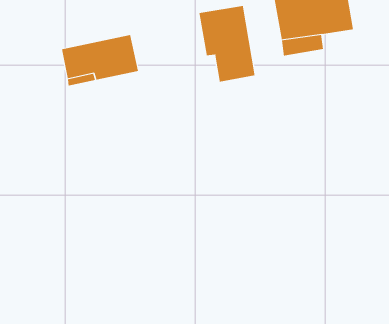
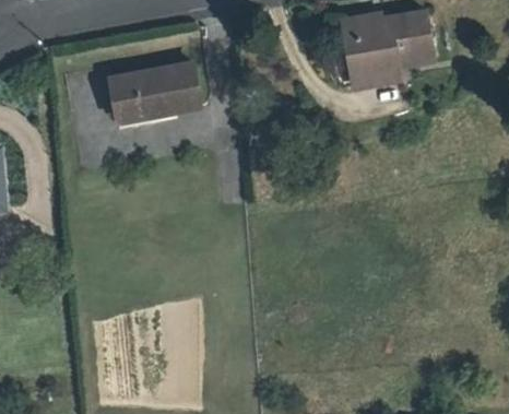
building: [199,5,255,82] -> none

